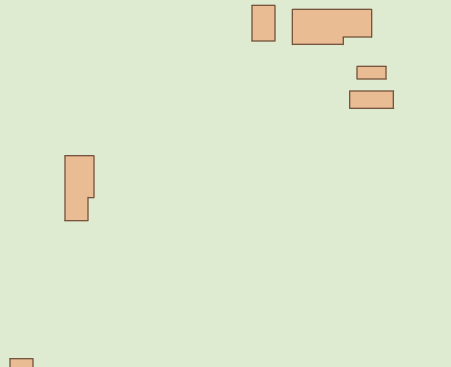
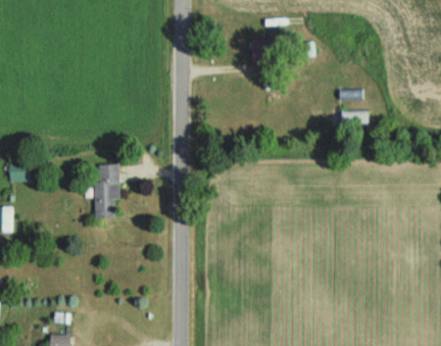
building: [293,9,371,45] -> none

